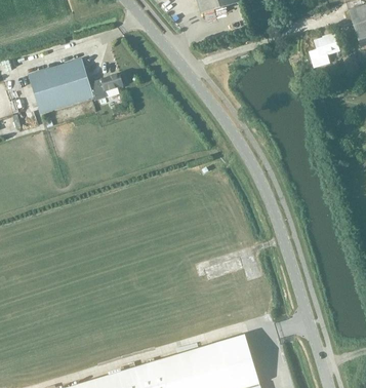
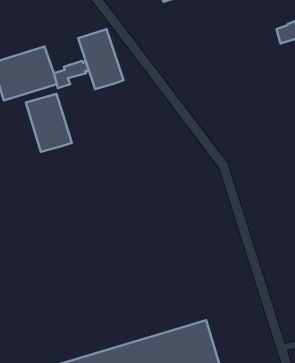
building: none -> [78,29,124,89]
building: none -> [26,94,72,152]

